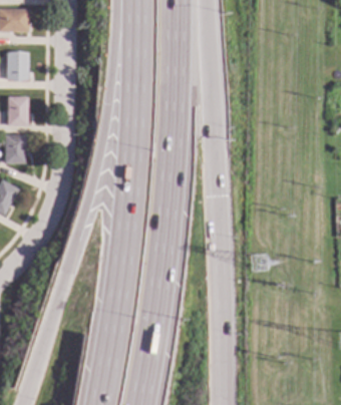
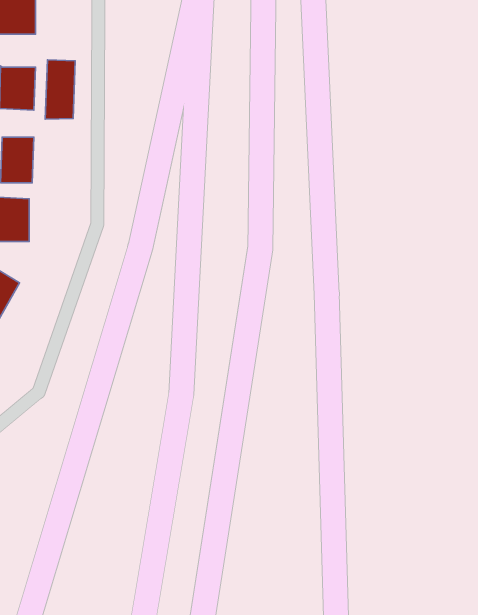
building: none -> [45,60,75,119]

